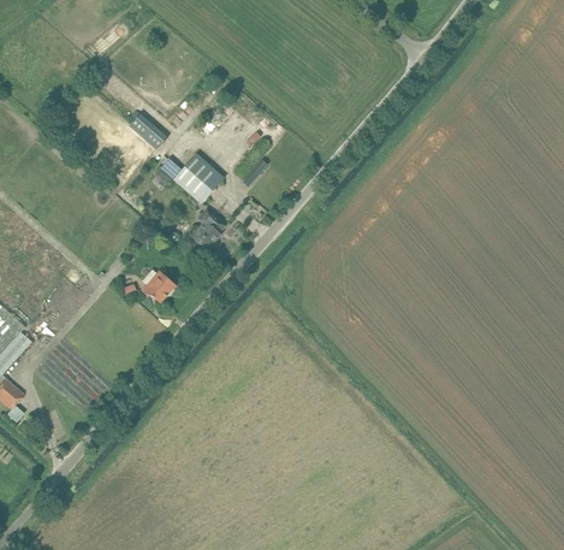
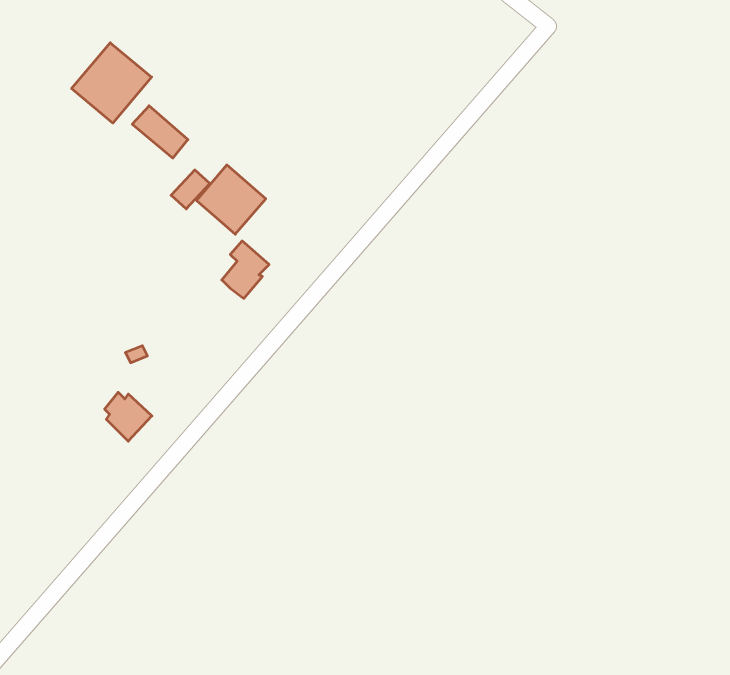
building: none -> [72,43,152,123]
building: [141,268,174,303] -> [105,392,152,441]

